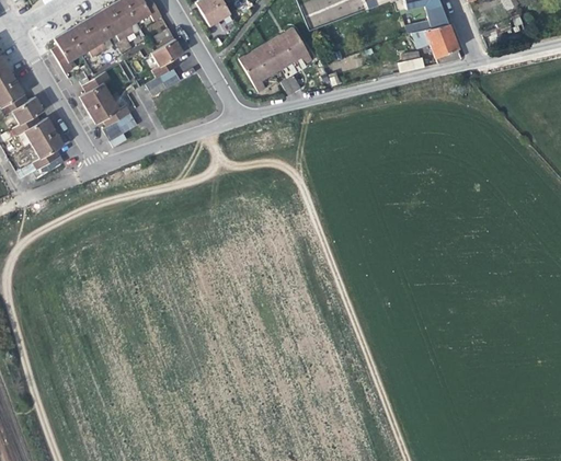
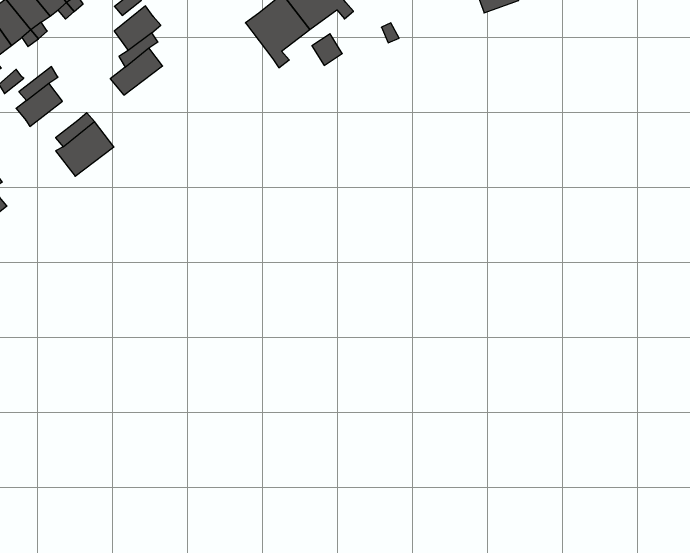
building: [85,96,118,125] -> none

